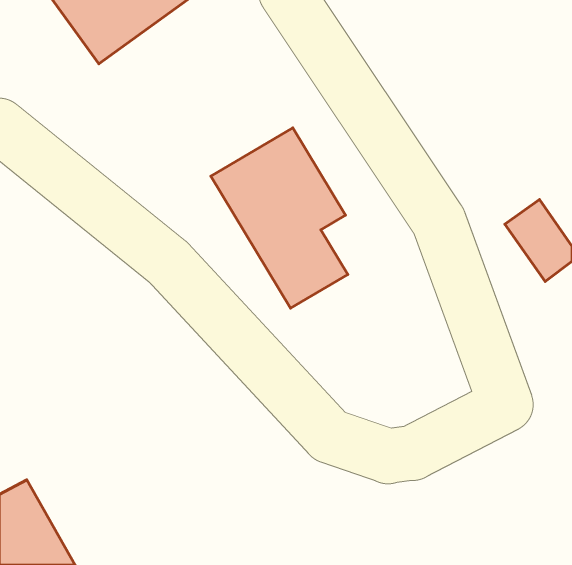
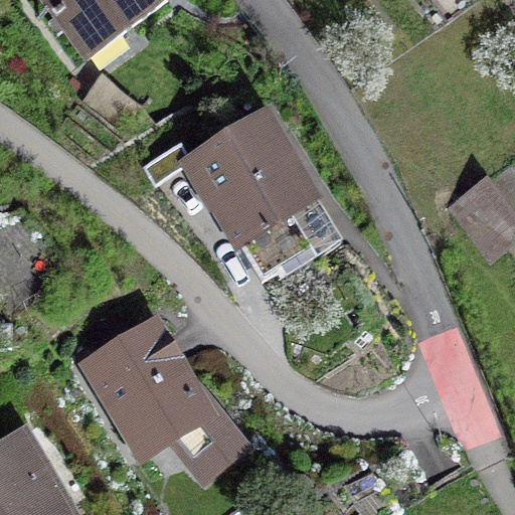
building: none -> [89,321,242,472]

